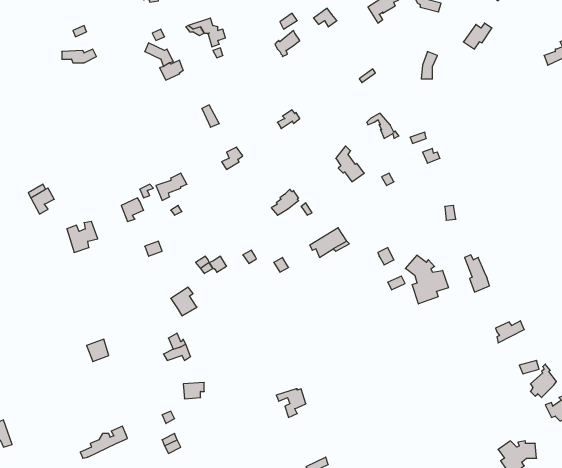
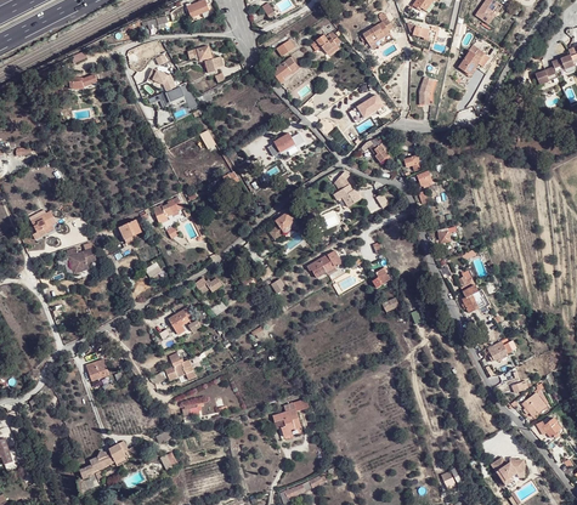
building: [405,255,448,304] -> none

